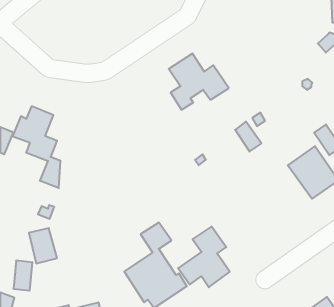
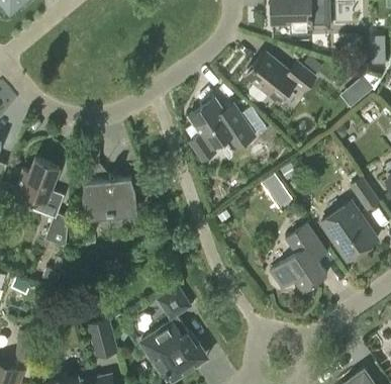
building: none -> [245,52,315,102]
building: none -> [83,177,137,219]
building: [178,226,230,287] -> [269,223,326,291]
building: [29,228,57,264] -> [87,319,118,359]

